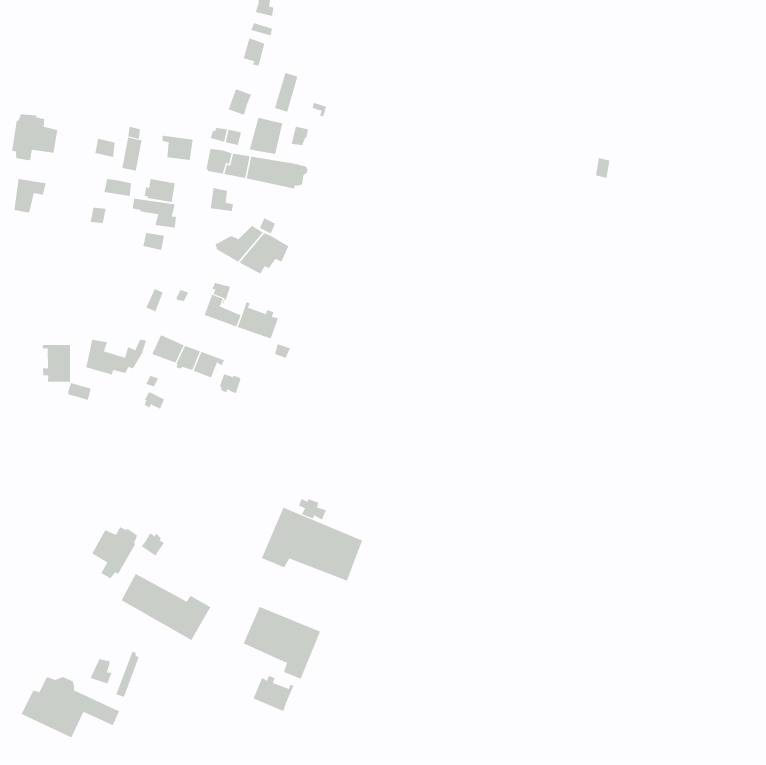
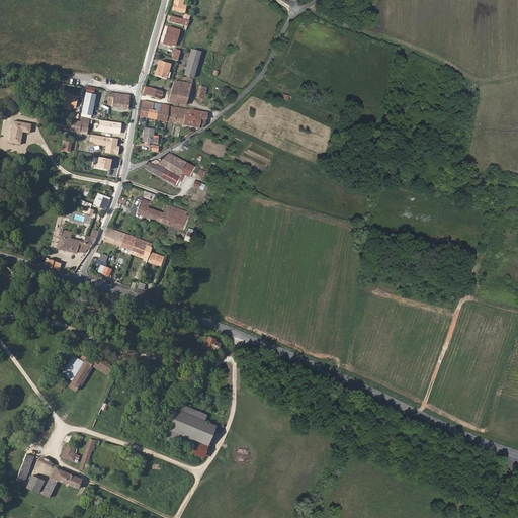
building: [11,113,58,161] -> none
building: [42,344,71,383] -> none
building: [261,507,363,582] -> none
building: [121,573,211,641] -> none
building: [253,675,294,712] -> none

